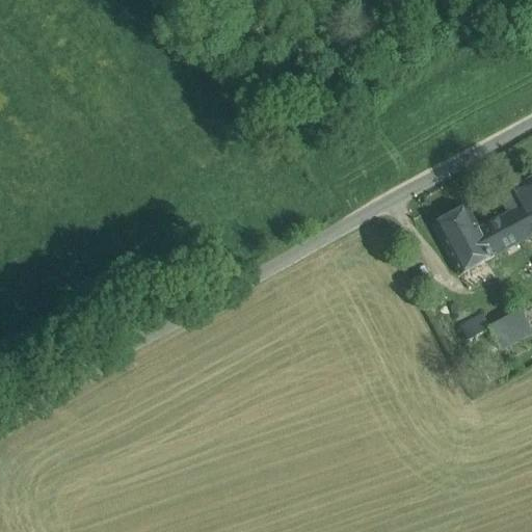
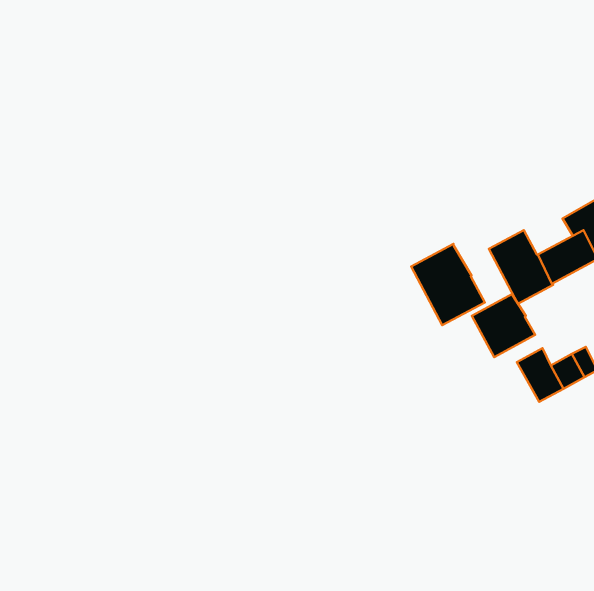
building: none -> [411,244,485,325]
building: none -> [472,294,535,357]

